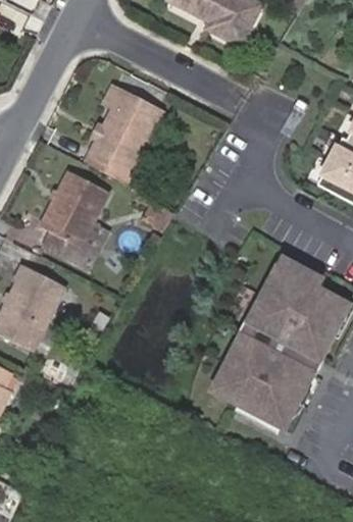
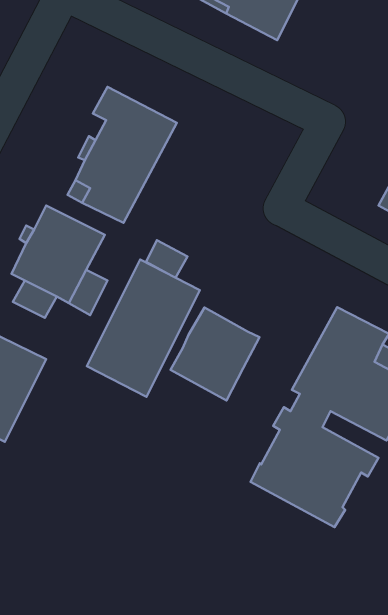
building: none -> [87,259,200,397]
building: none -> [171,308,260,401]

